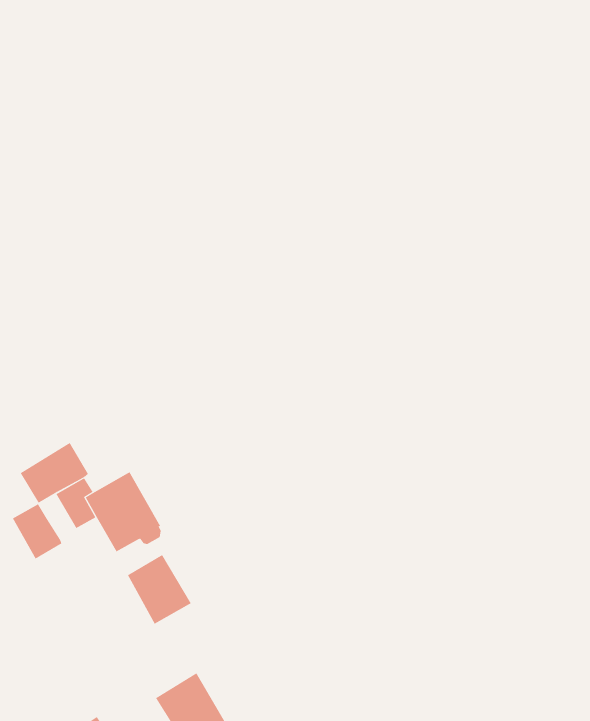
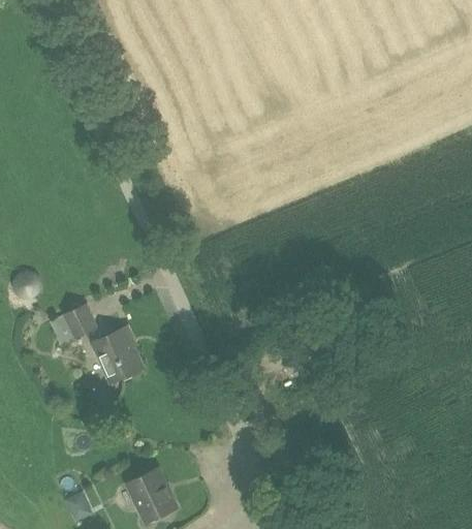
building: [12,503,62,560] -> none
building: [127,554,191,624] -> none

